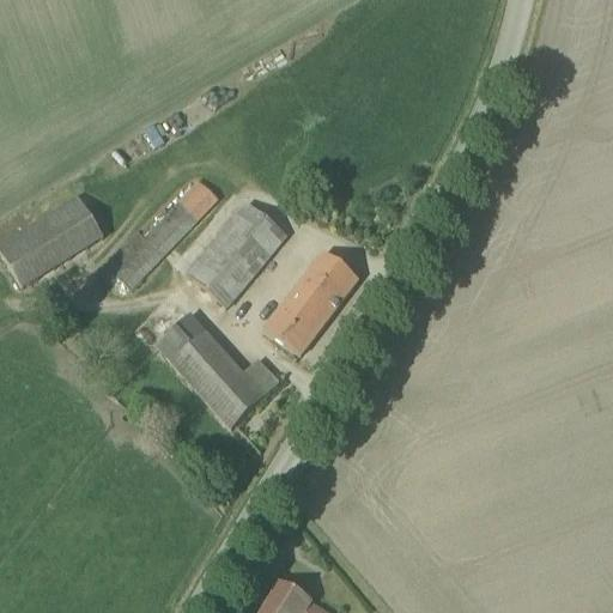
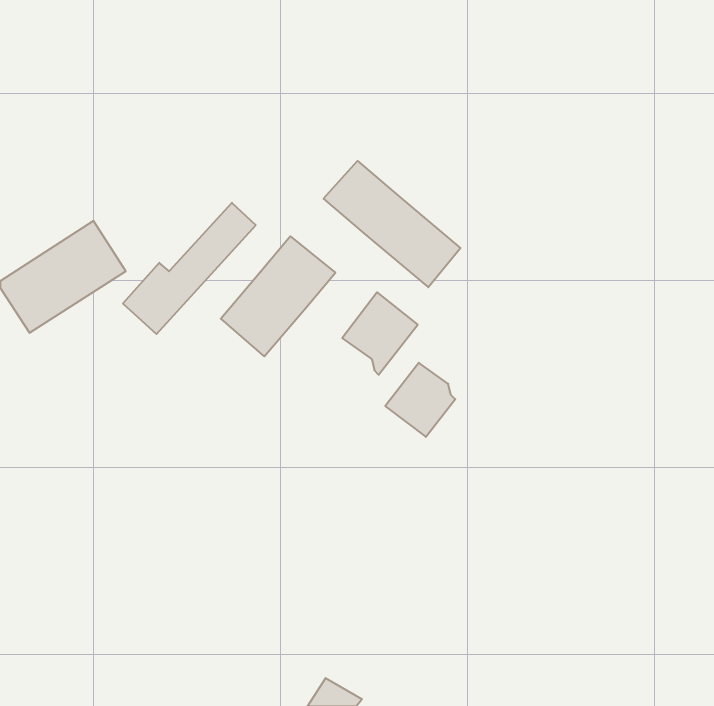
building: none -> [324,161,460,287]
building: [265,290,324,353] -> [385,363,455,437]
building: [157,312,279,427] -> none

